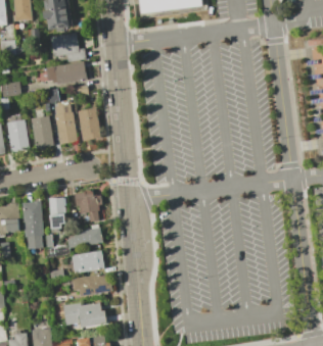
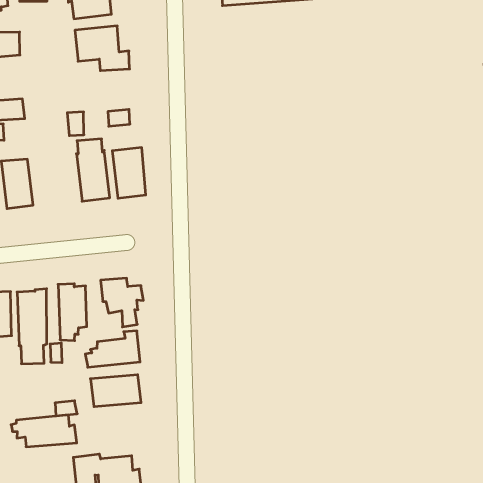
building: [46,61,86,84] -> none
building: [31,115,54,148] -> none
building: [70,274,111,295] -> [11,415,77,447]

